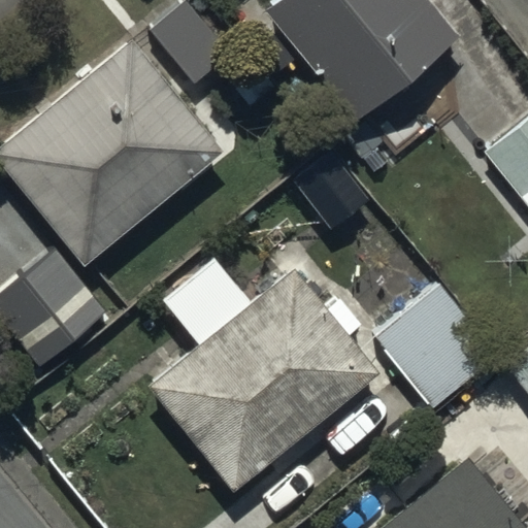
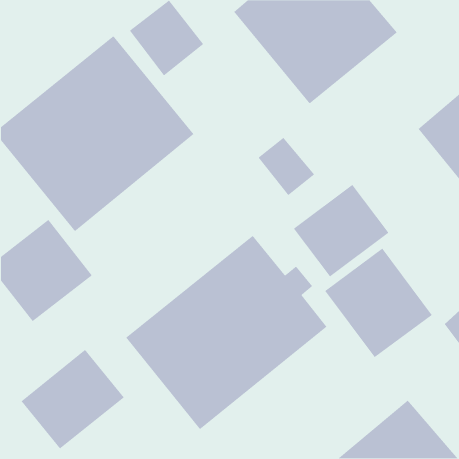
building: none -> [293,184,390,277]
building: none -> [20,349,125,450]

